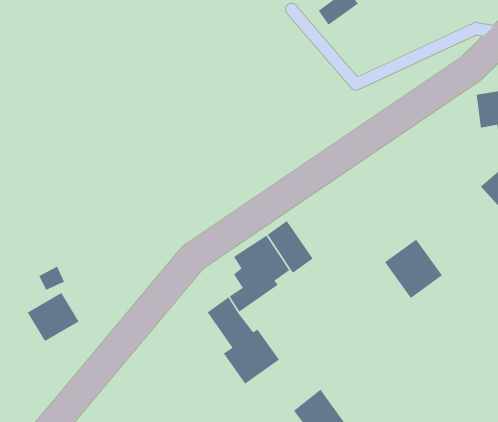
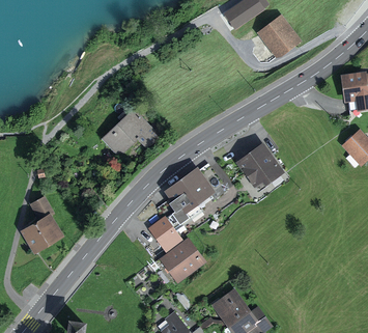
building: none -> [258,17,299,57]
building: none -> [104,113,155,155]
building: [384,239,443,299] -> [238,147,280,190]

